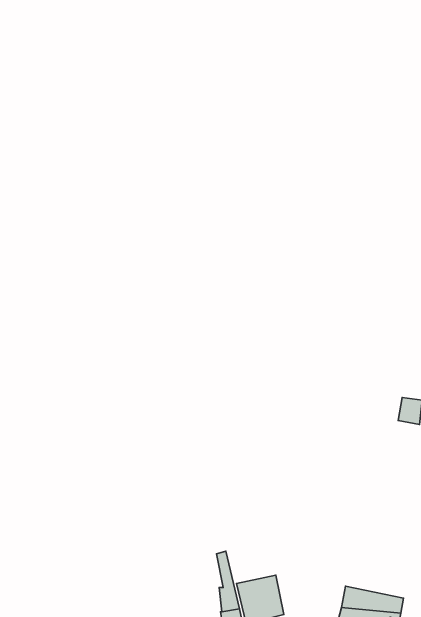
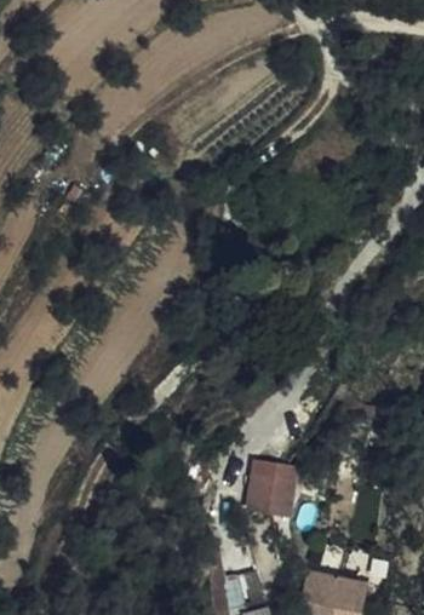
building: none -> [248,472,292,508]

